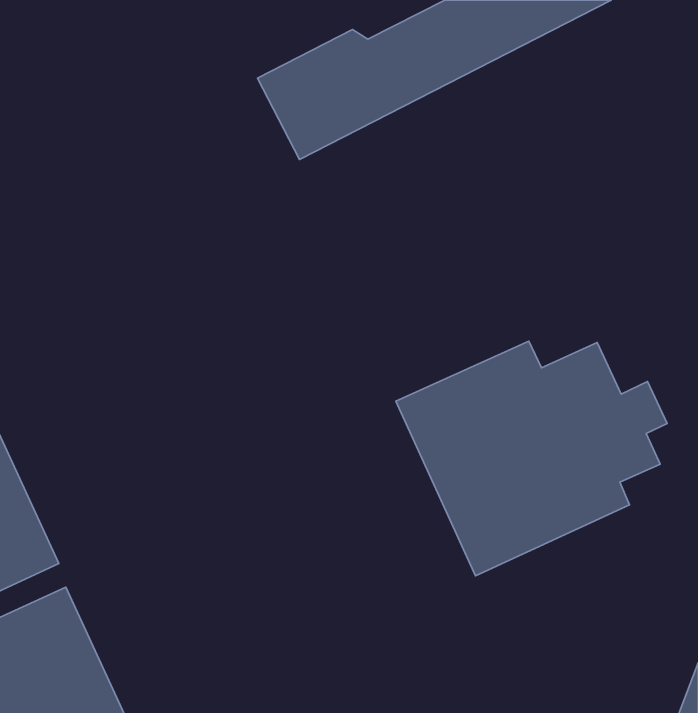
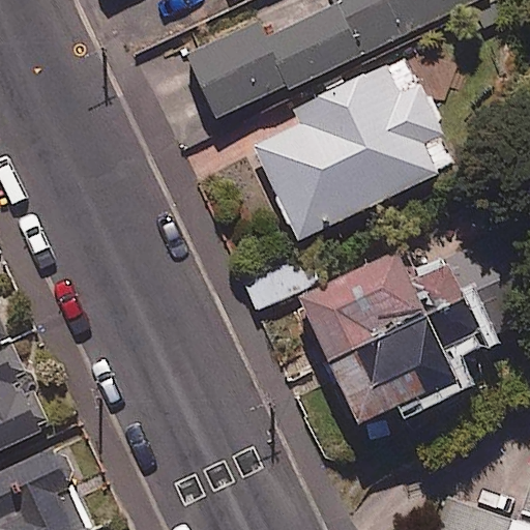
building: none -> [253,57,461,244]

